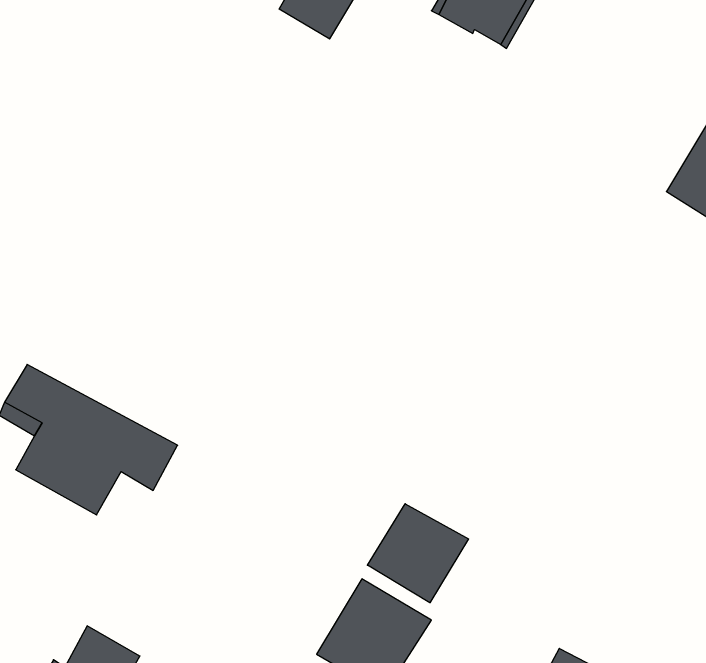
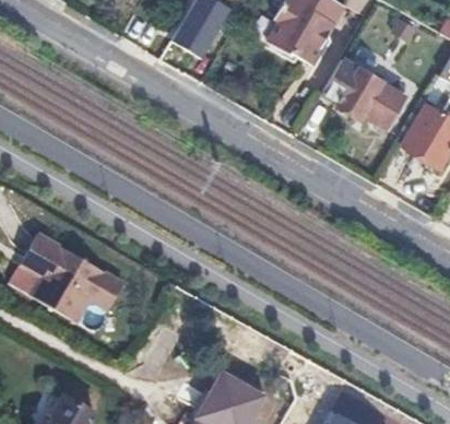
building: none -> [327,59,405,127]
building: [367,504,469,603] -> none

